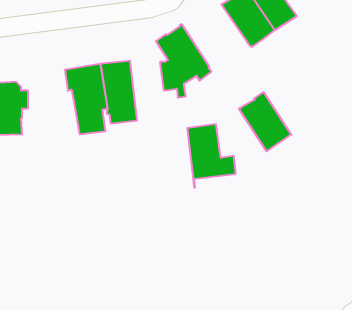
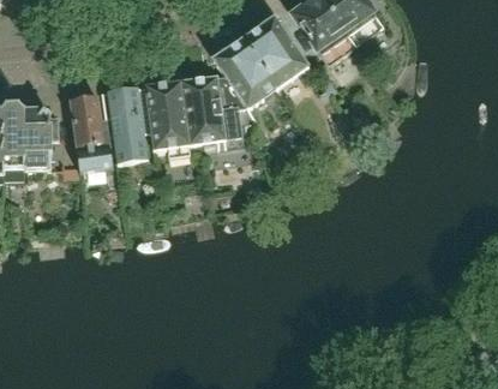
building: none -> [70,92,112,178]
building: [239,92,291,151] -> [242,14,306,86]
building: [187,124,236,188] -> [180,74,239,151]

